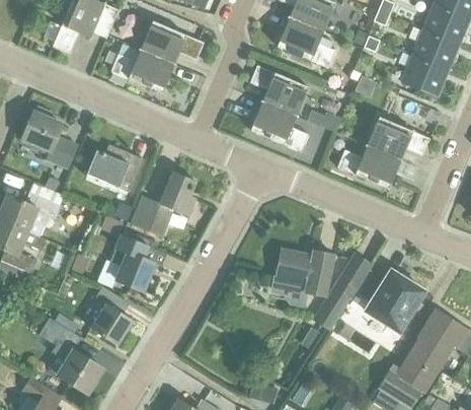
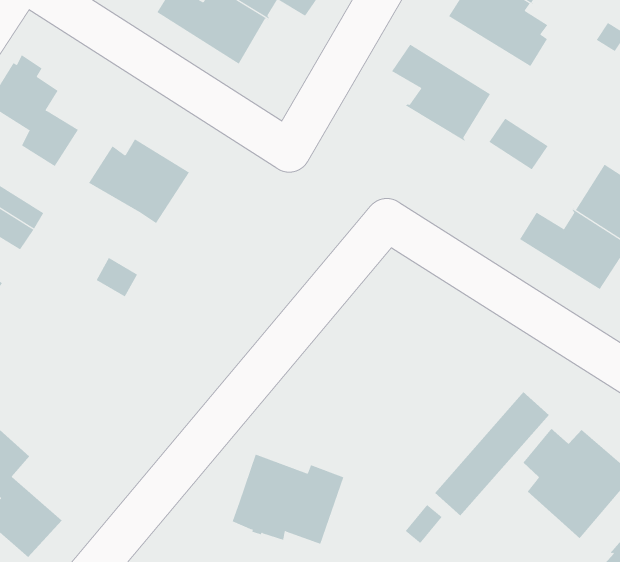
building: [250,101,309,152] -> none
building: [131,172,195,236] -> none
building: [111,235,154,291] -> none
building: [273,250,333,296] -> [232,454,344,545]
building: [92,287,135,346] -> none

